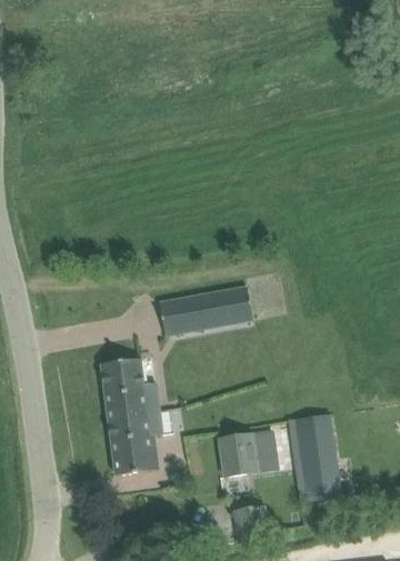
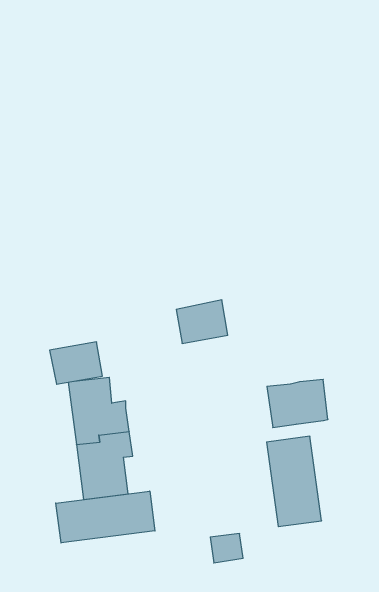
building: [158,293,208,333] -> [50,342,102,384]
building: [219,430,277,475] -> [267,379,328,428]
building: none -> [56,491,155,543]

